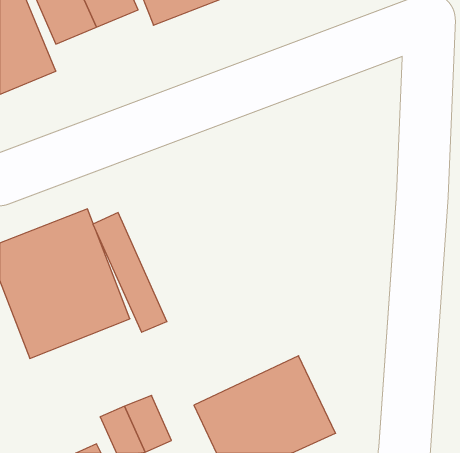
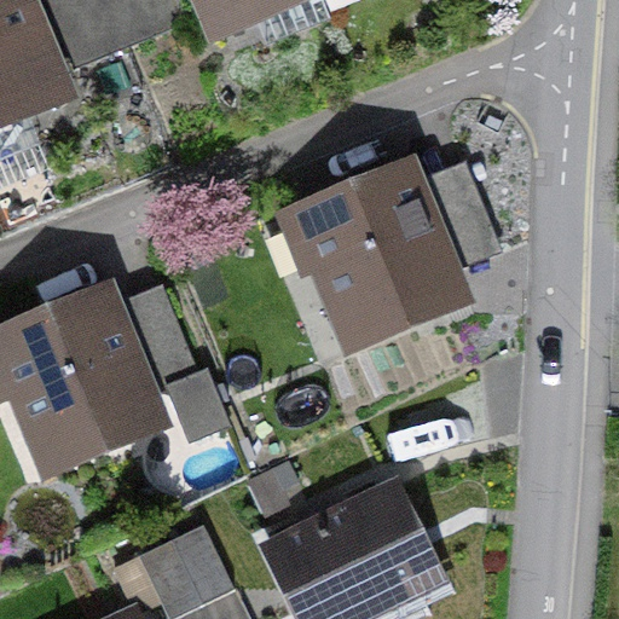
building: none -> [283,154,478,358]

